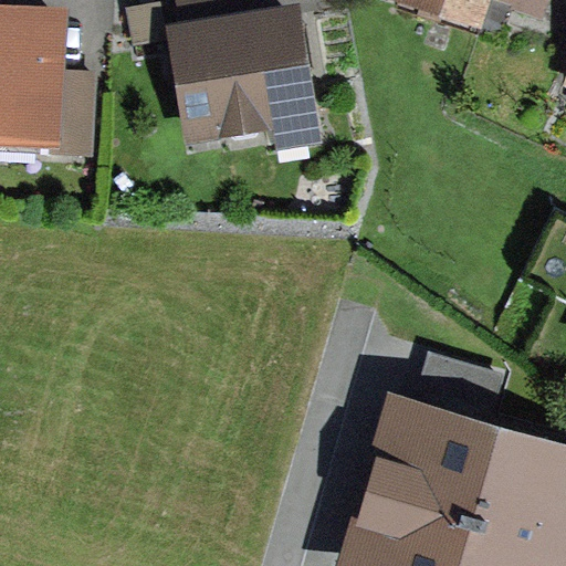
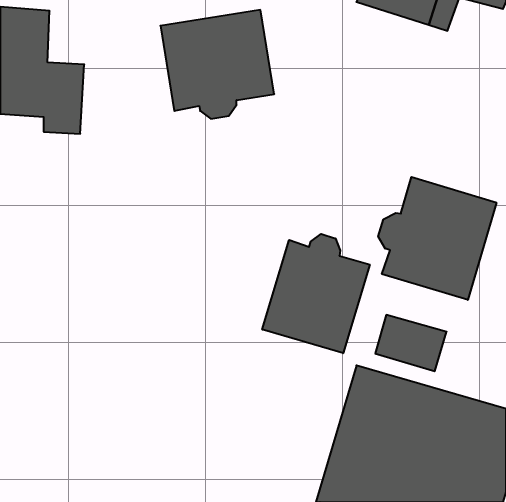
building: none -> [378,177,496,300]
building: none -> [262,234,370,353]

